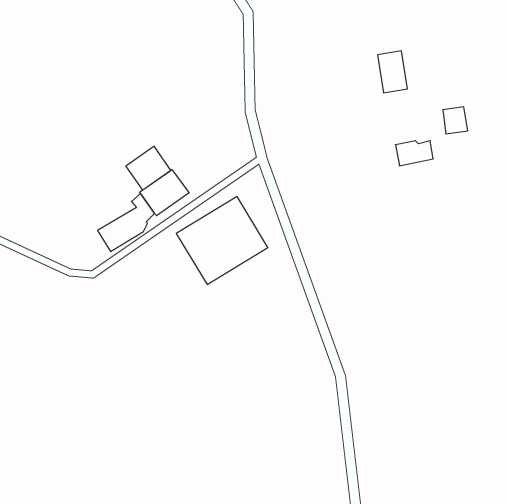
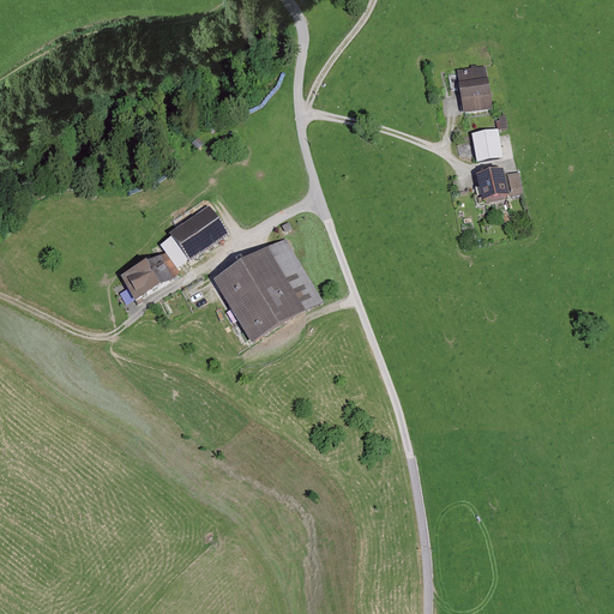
building: [443,107,468,134] -> [471,128,501,161]
building: [126,146,171,190] -> none

